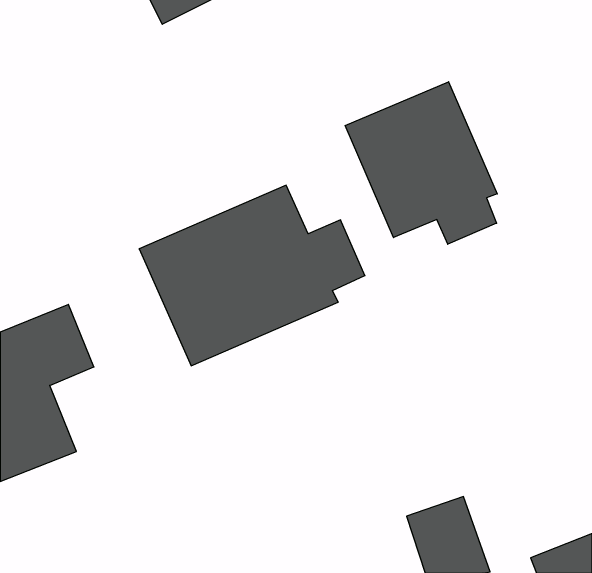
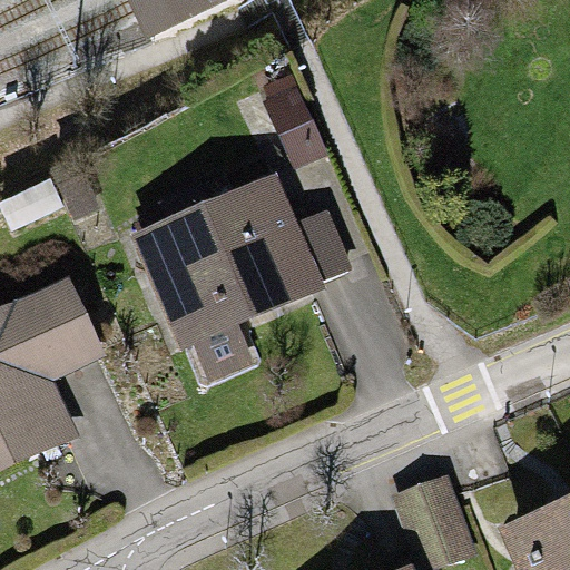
building: [345,82,497,244] -> none

